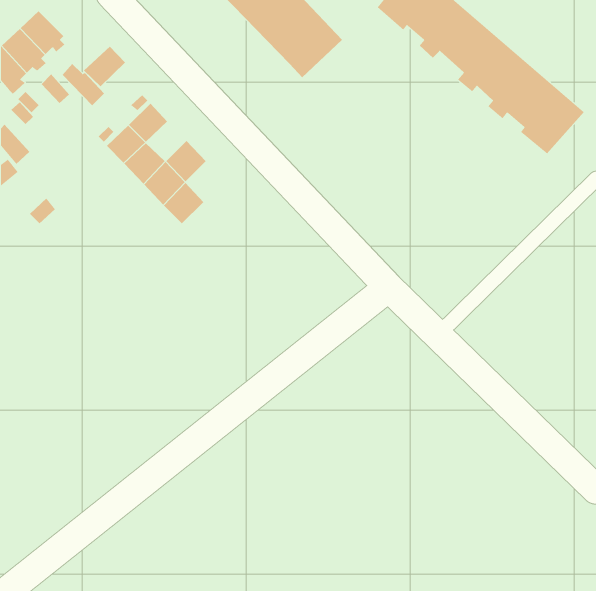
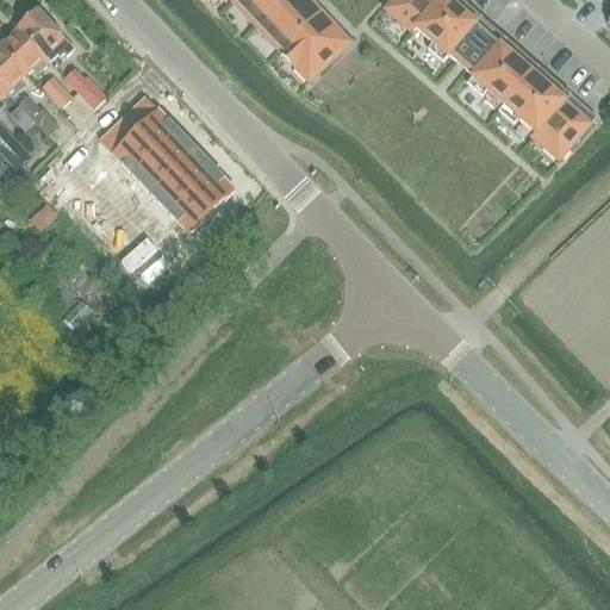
building: [83,46,126,87] -> none
building: none -> [149,124,191,164]
building: none -> [189,164,231,206]

